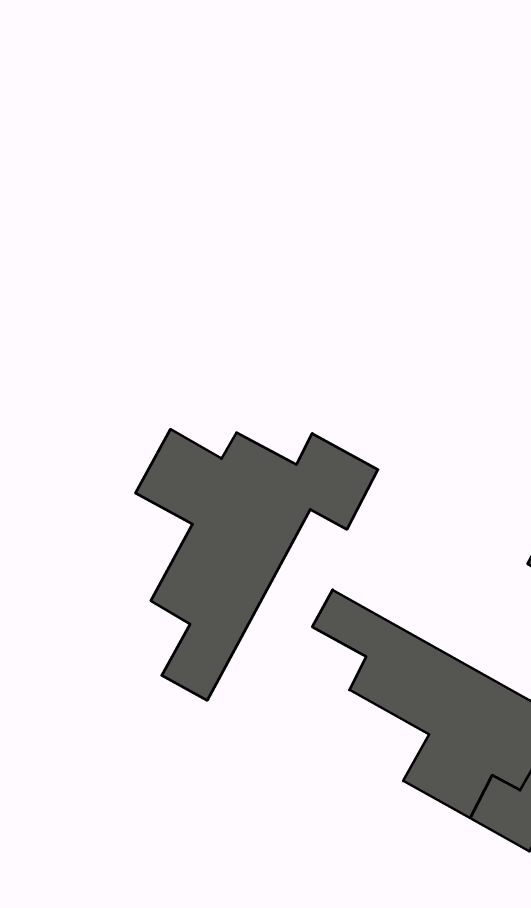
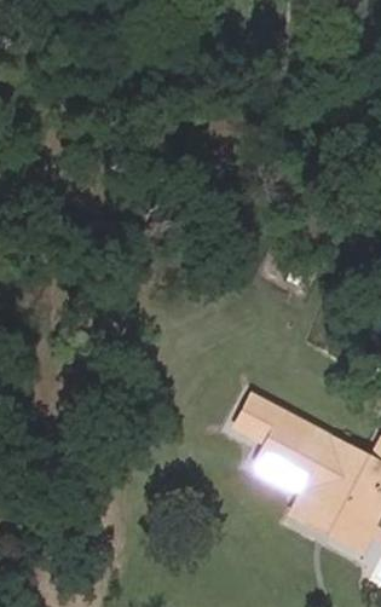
building: [136,429,378,700] -> none

